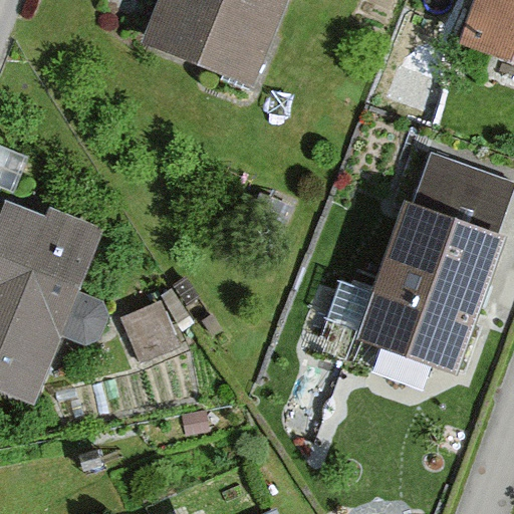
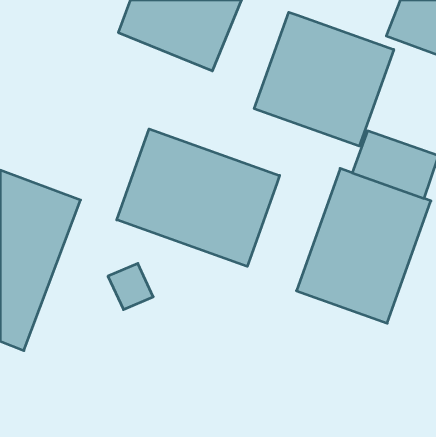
building: none -> [254,12,394,146]
building: none -> [117,129,280,266]

